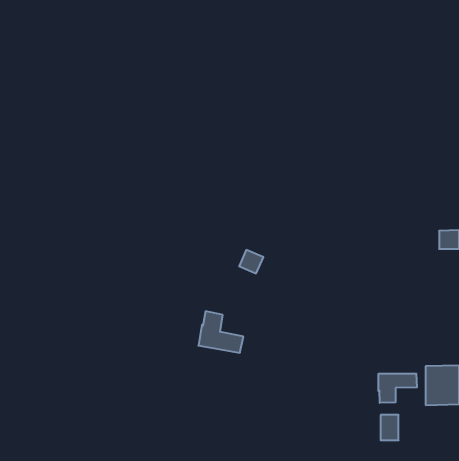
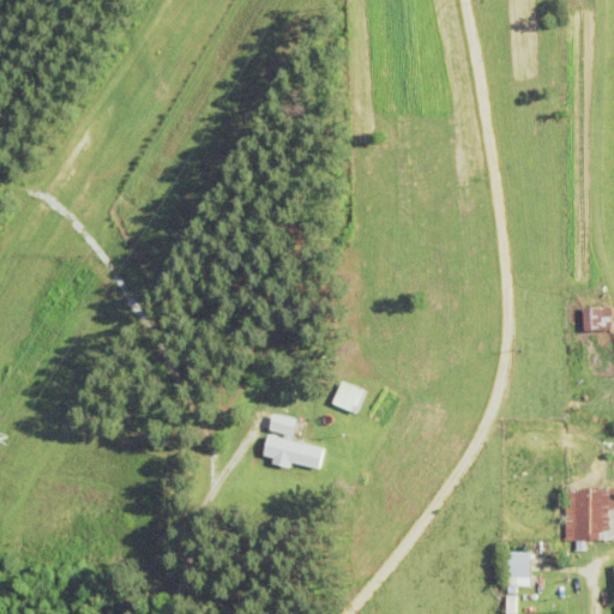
building: [239,250,263,273] -> [333,381,366,413]
building: [379,374,417,403] -> none

